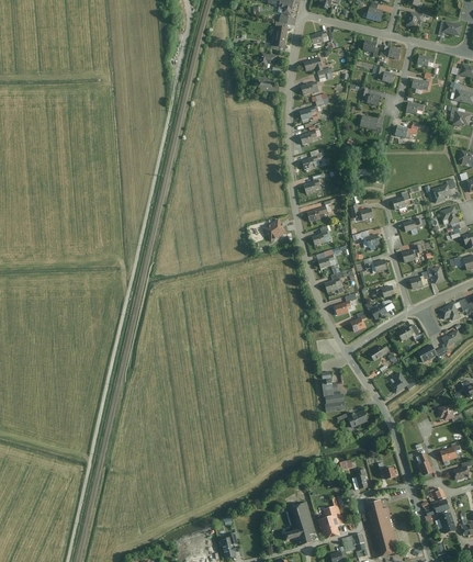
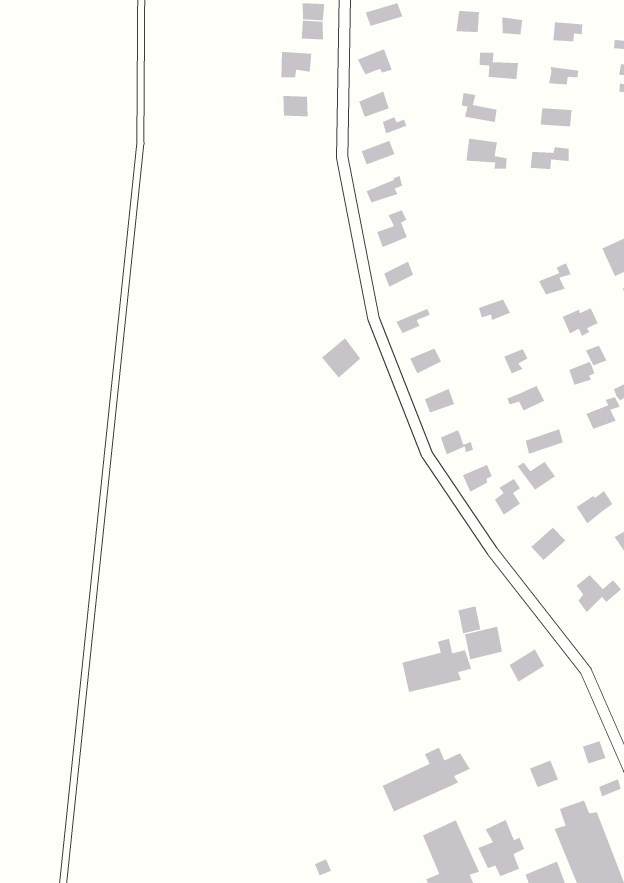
building: none -> [401,638,472,693]
building: none -> [382,746,471,813]

